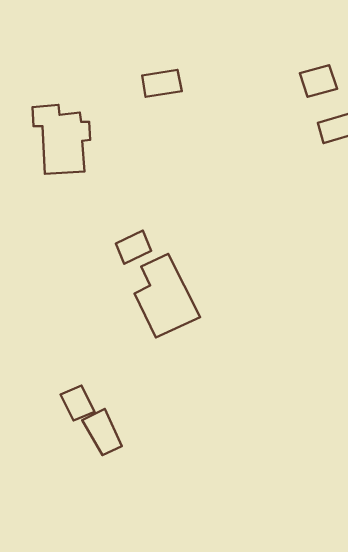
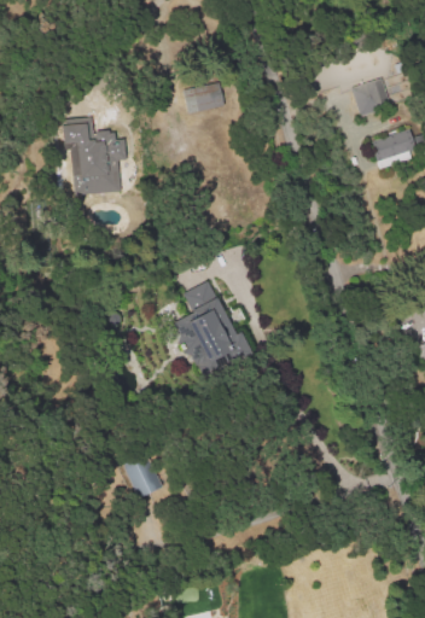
building: [116,230,151,264] -> none
building: [61,386,94,420] -> none

